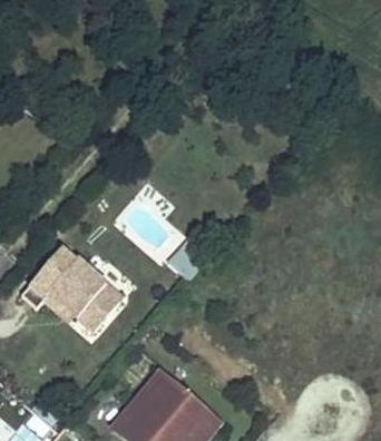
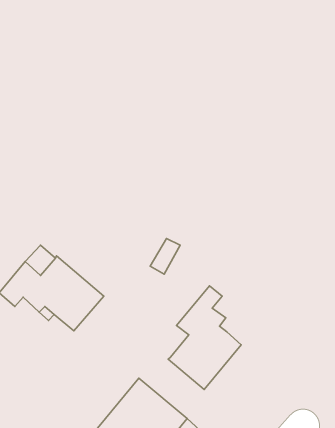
building: none -> [168,286,241,389]

